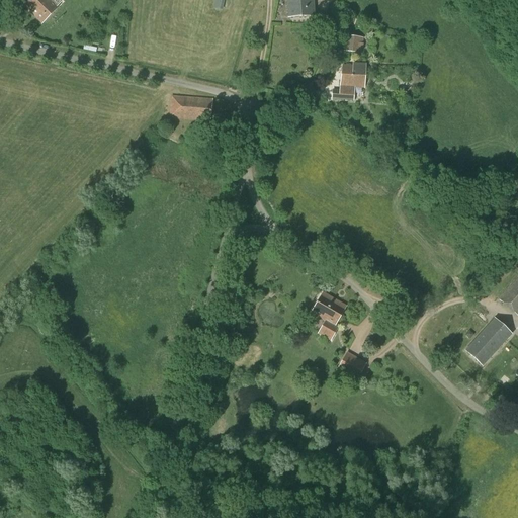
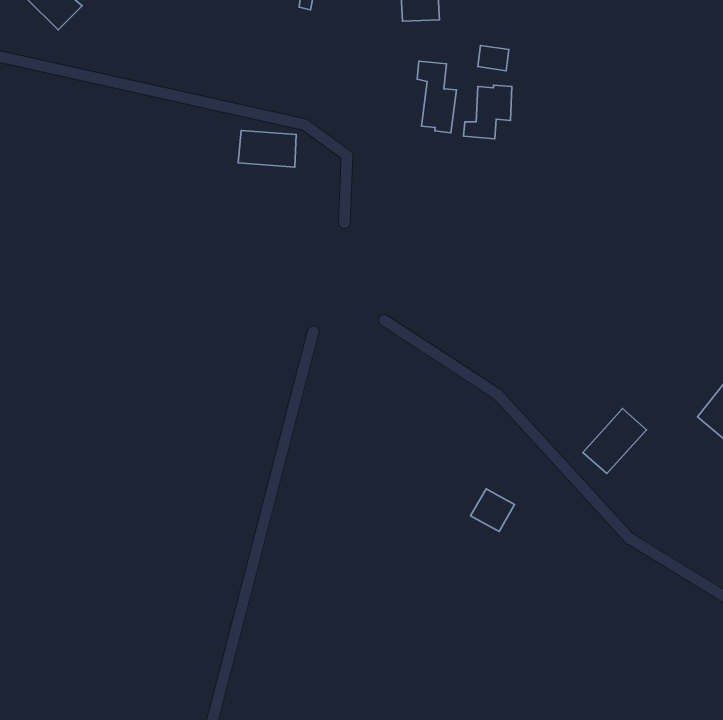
building: none -> [417,61,456,133]
building: [312,290,347,338] -> none
building: [466,317,512,363] -> [583,408,647,474]

